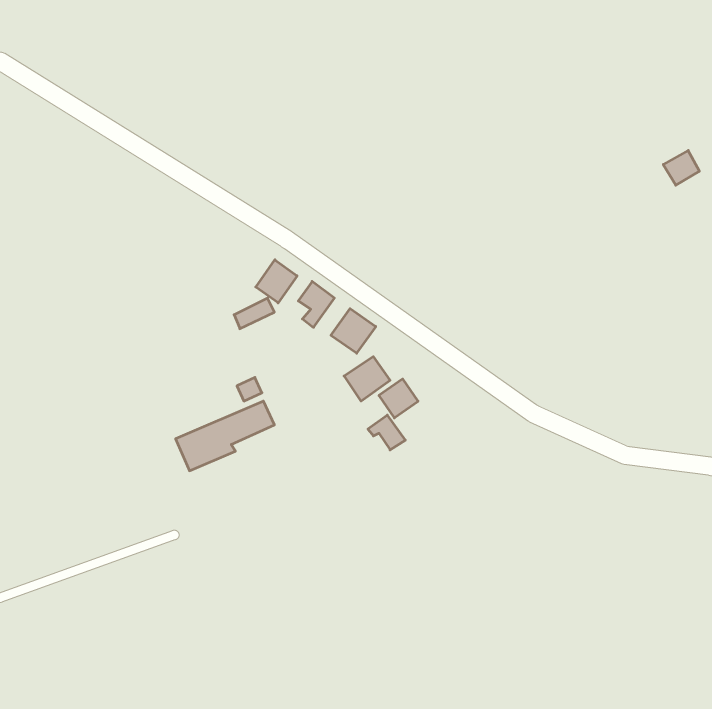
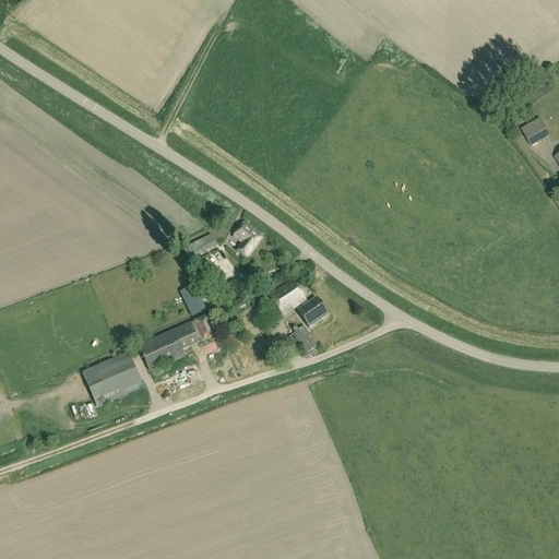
building: [256,260,297,303] -> none
building: [331,309,376,353] -> none
building: none -> [82,350,143,405]

